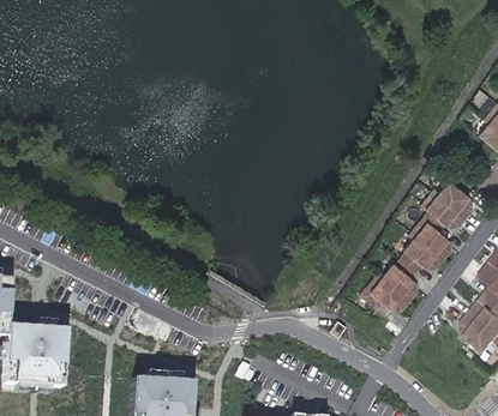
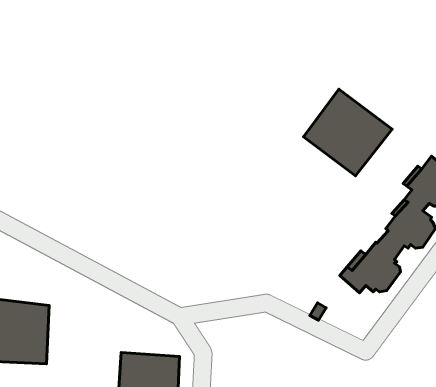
building: none -> [304,89,392,176]

